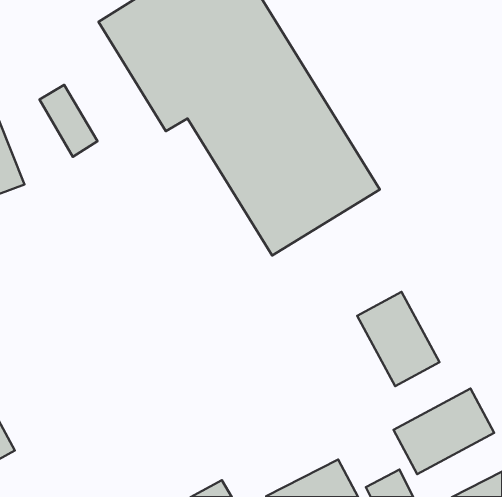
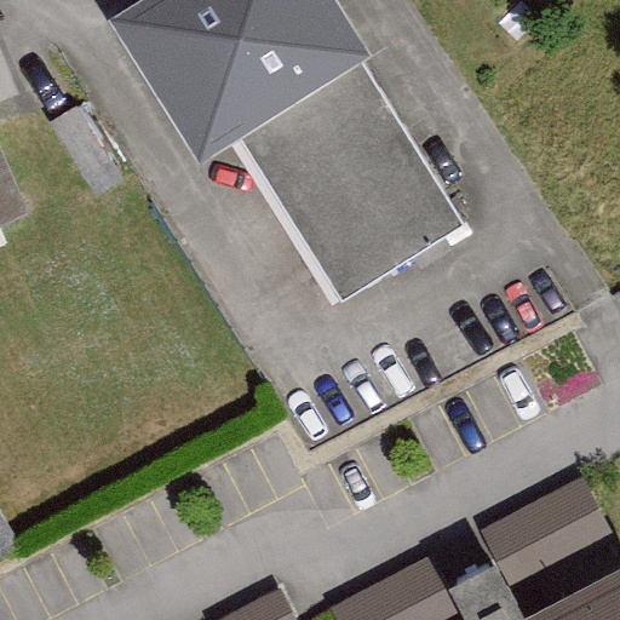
building: [357,292,439,386] -> none

